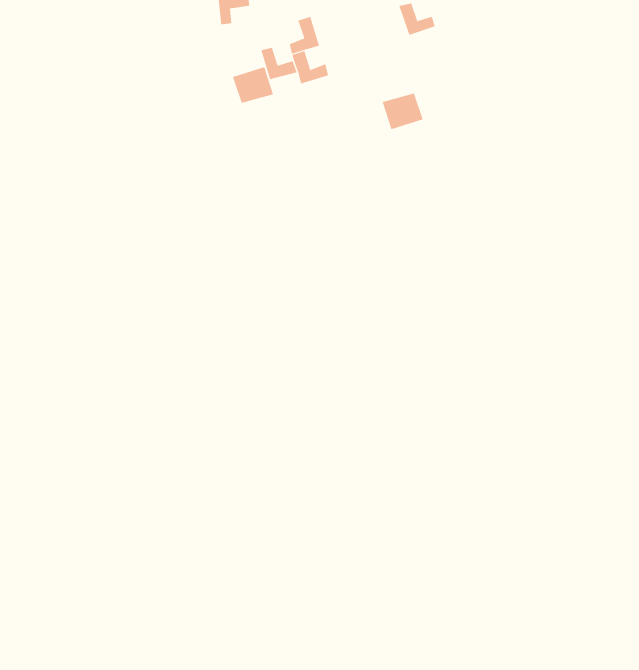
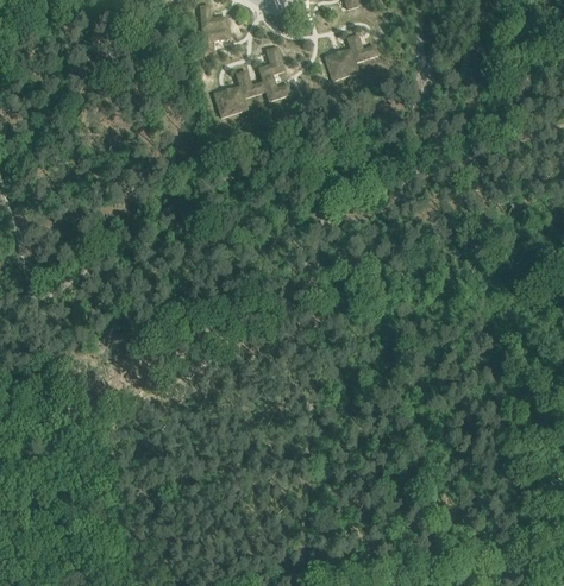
building: [382,93,423,130] -> [325,50,358,80]

